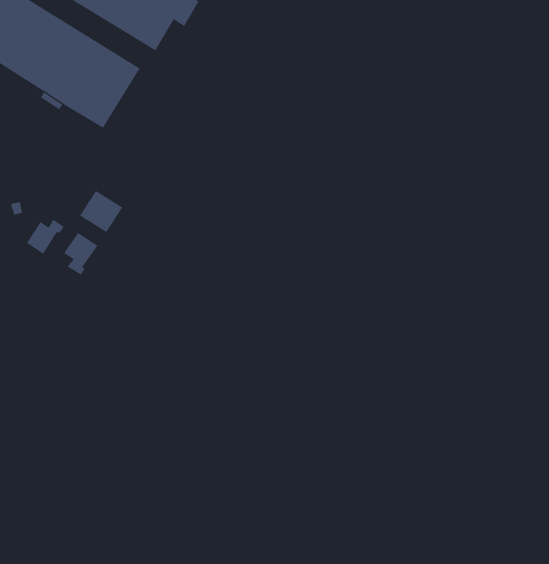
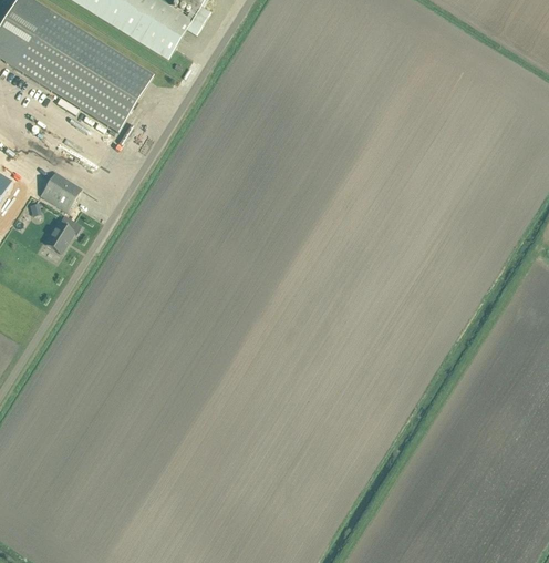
building: [79,190,123,233] -> [40,171,82,212]
building: [63,232,98,276] -> none

